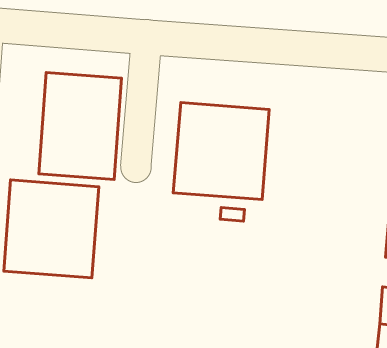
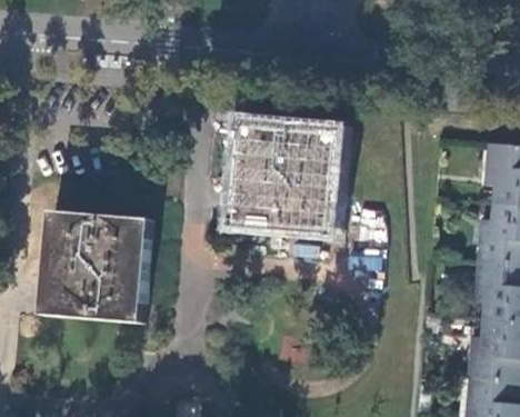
building: [39,73,122,180] -> none

